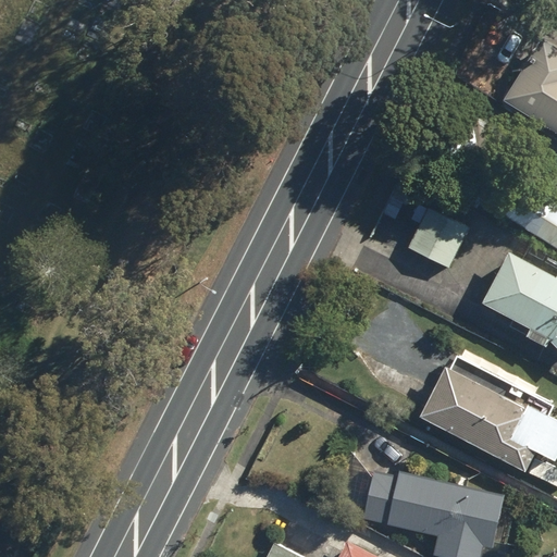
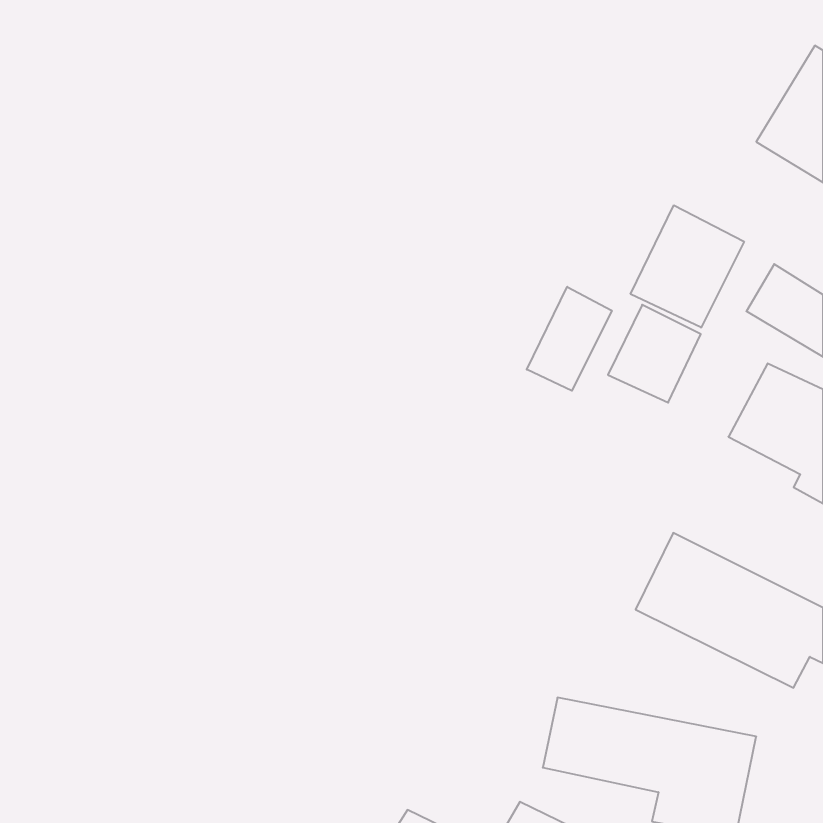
building: none -> [631,205,744,328]
building: none -> [527,287,612,391]

